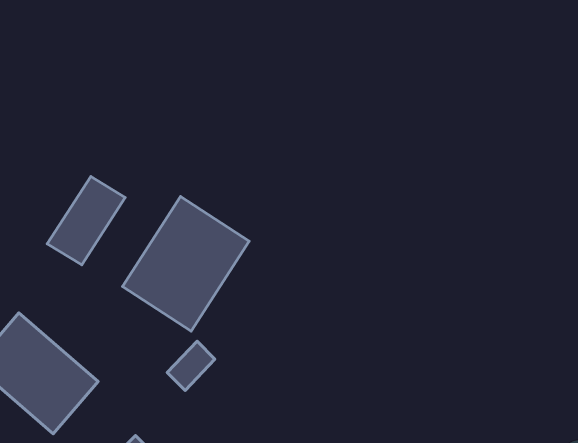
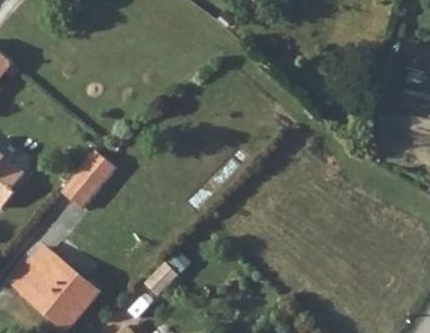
building: [122,197,249,331] -> none

